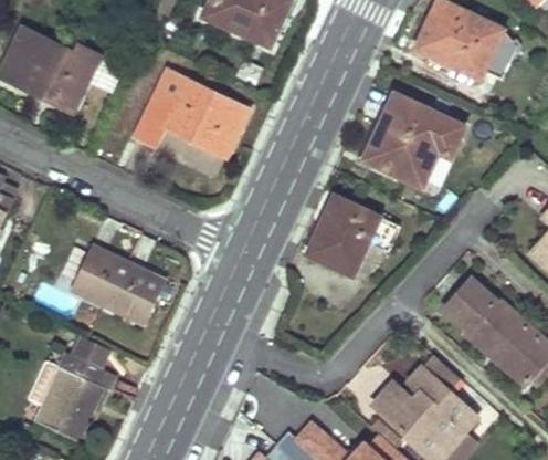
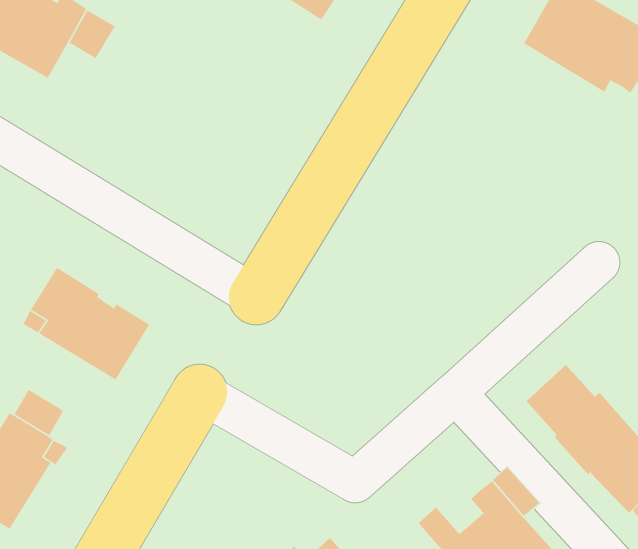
building: [137,69,247,155] -> none
building: [365,95,462,185] -> none
building: [307,196,399,273] -> none

